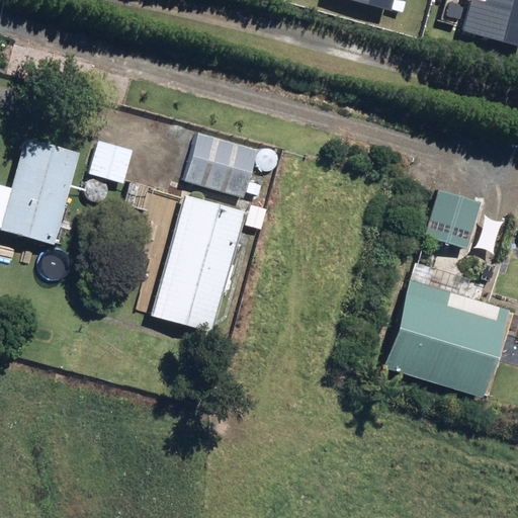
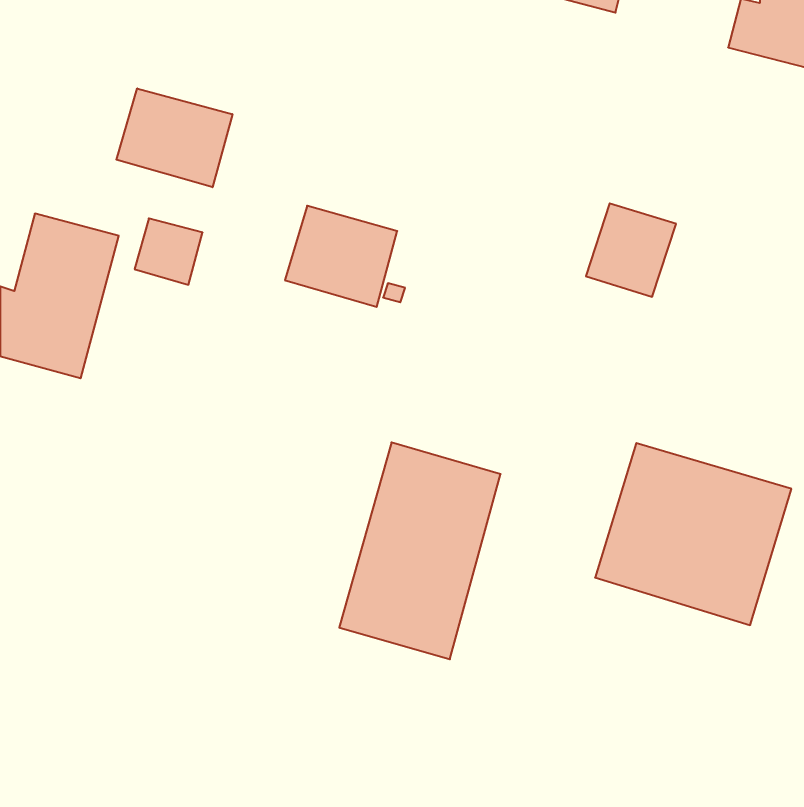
building: none -> [116,88,232,187]
building: [423,191,481,251] -> [586,203,676,297]
building: [151,194,254,333] -> [339,442,501,659]

